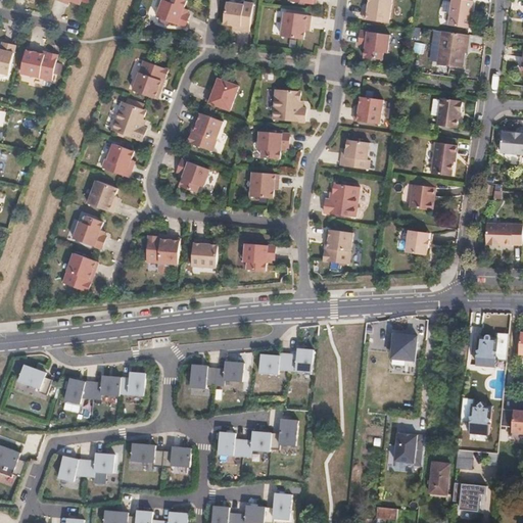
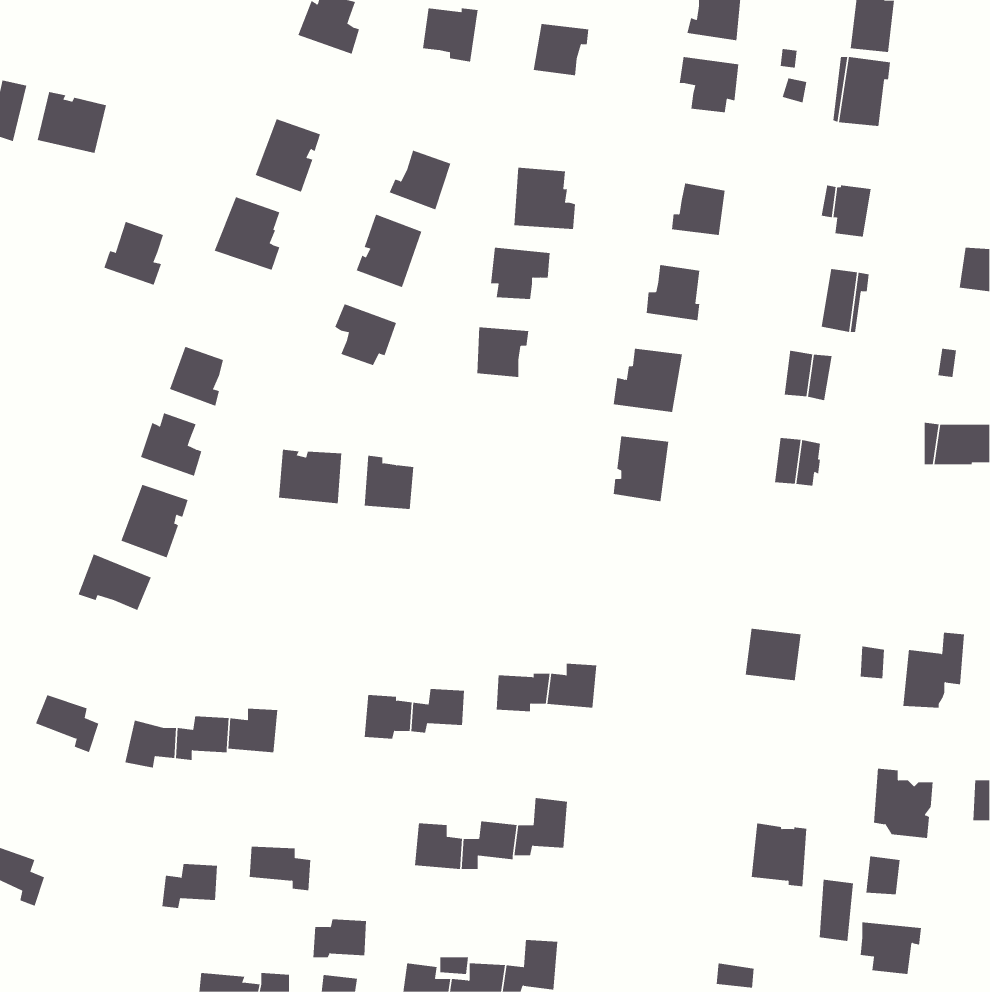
building: [103,145,135,179] -> [104,221,164,285]
building: [244,243,276,271] -> none
building: none -> [78,553,152,611]
building: [162,447,191,468] -> [313,919,367,958]
building: [56,455,87,481] -> none

